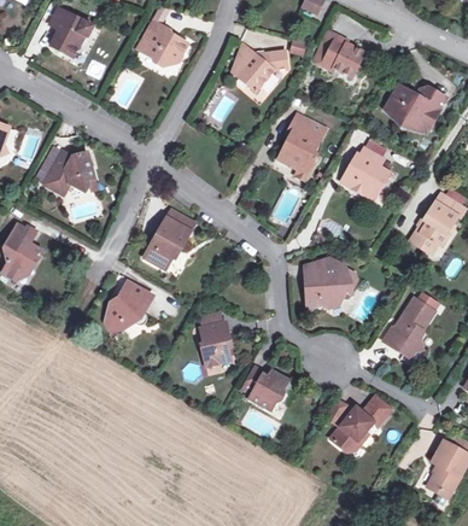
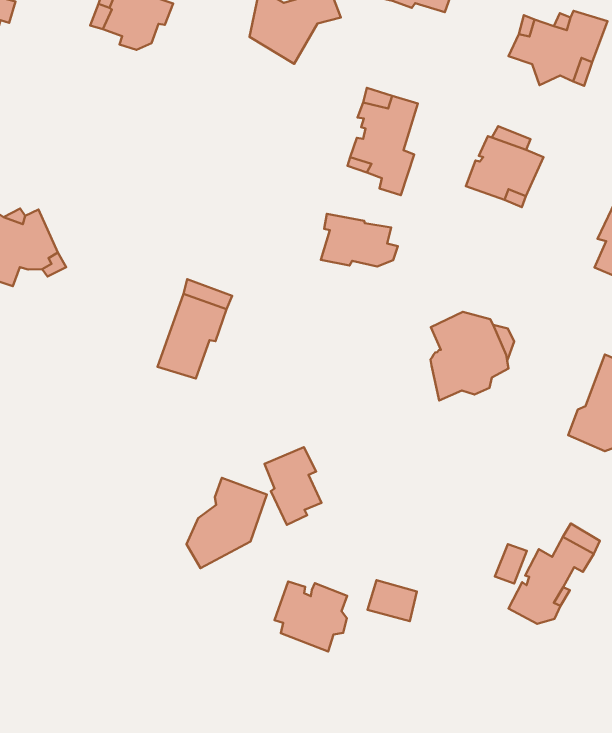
building: none -> [321,214,398,266]
building: [99,281,152,333] -> [187,478,267,568]
building: [240,366,286,411] -> [275,582,347,652]

